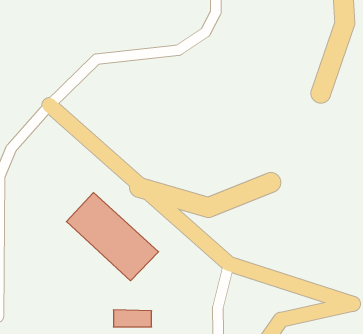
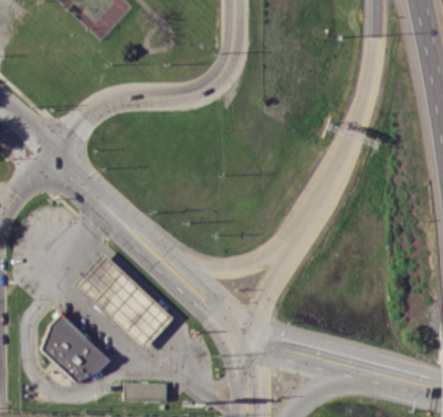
building: none -> [42,311,112,382]

